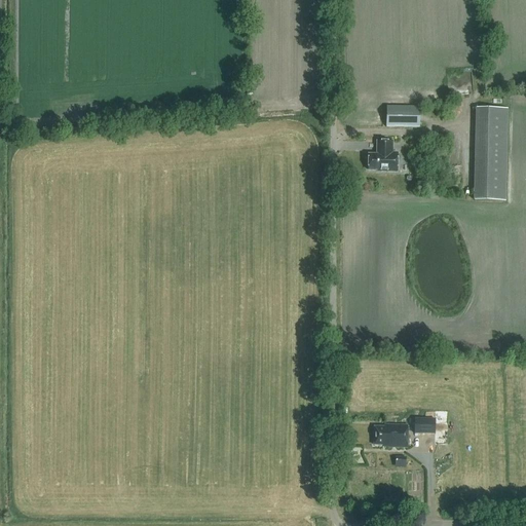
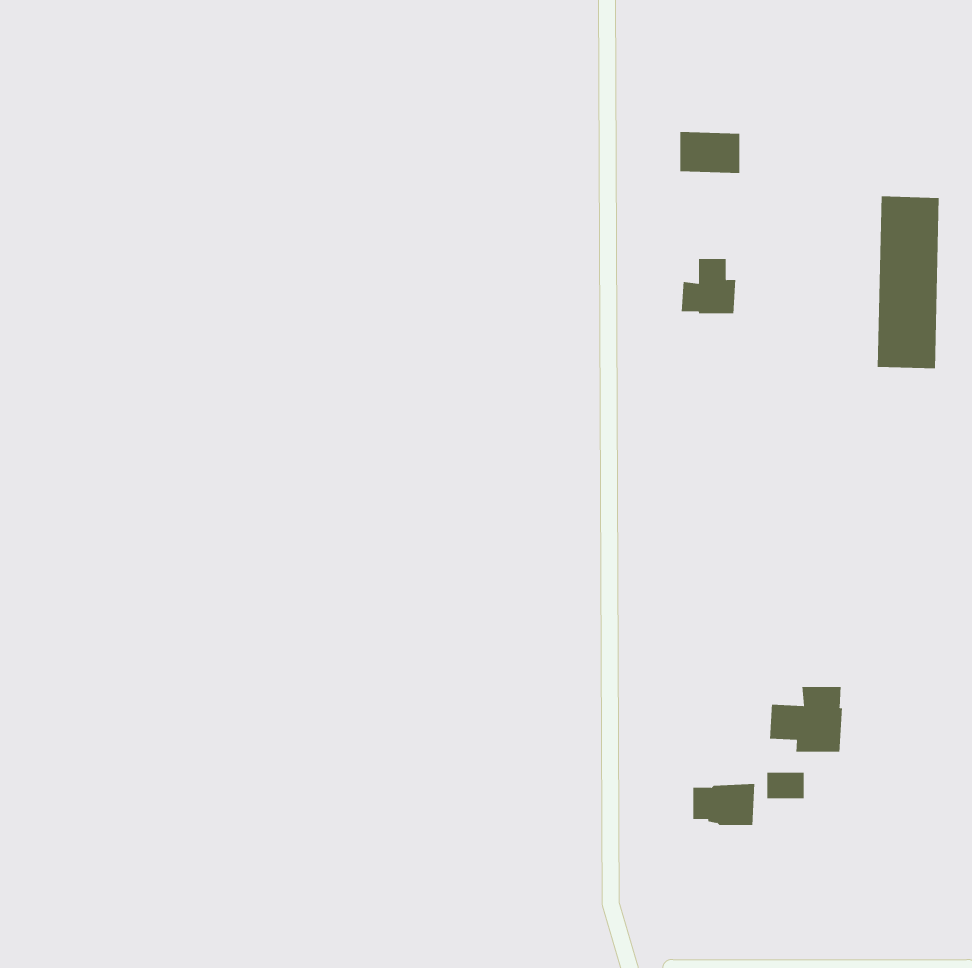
building: [386,104,419,126] -> [679,132,740,173]
building: none -> [770,686,842,752]

